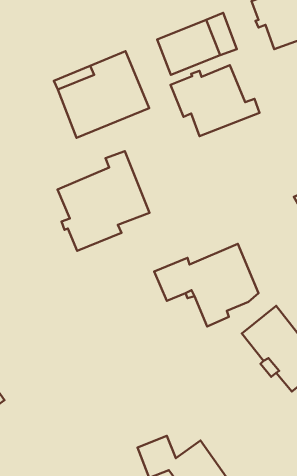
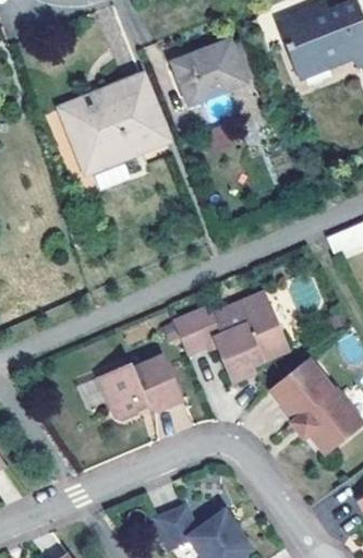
building: [171,65,259,136] -> none
building: [57,151,149,251] -> none
building: none -> [97,355,182,420]

